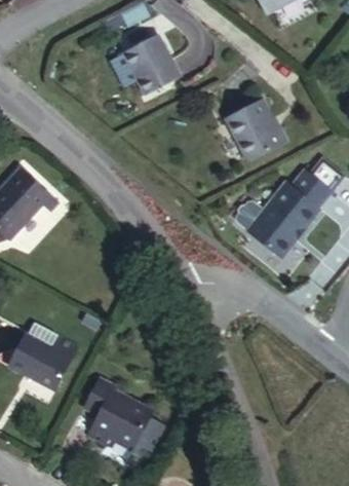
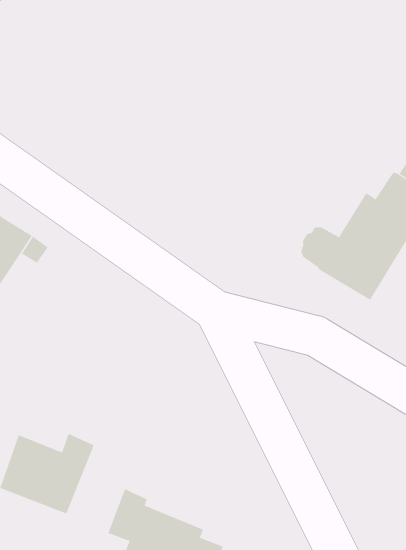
building: [120,40,177,99] -> none
building: [219,104,284,167] -> none

